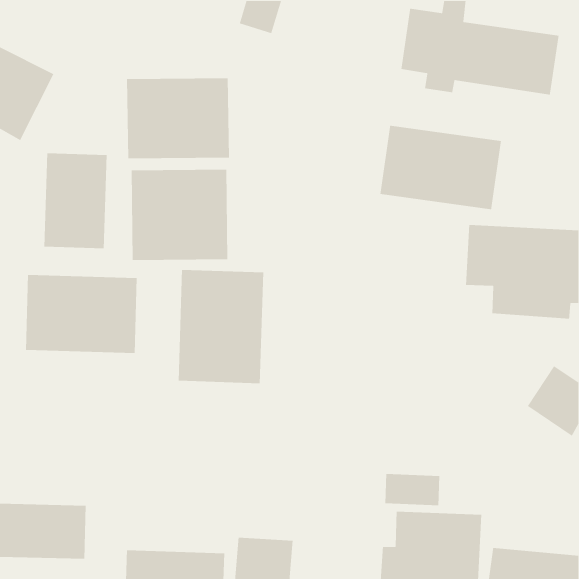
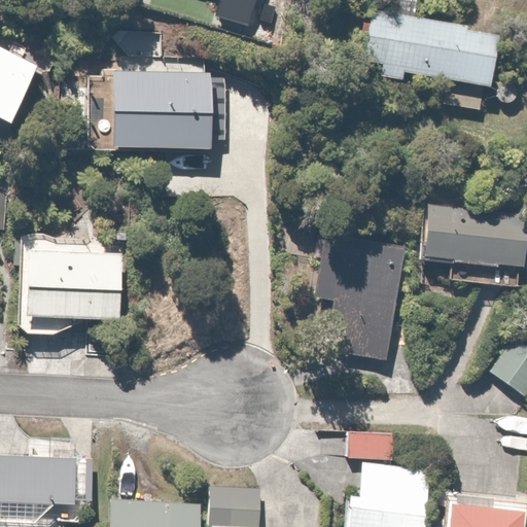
building: [380,125,502,210] -> none
building: [44,153,107,249] -> none
building: [131,169,228,261] -> none
building: none -> [316,234,401,362]
building: [178,269,264,384] -> none

